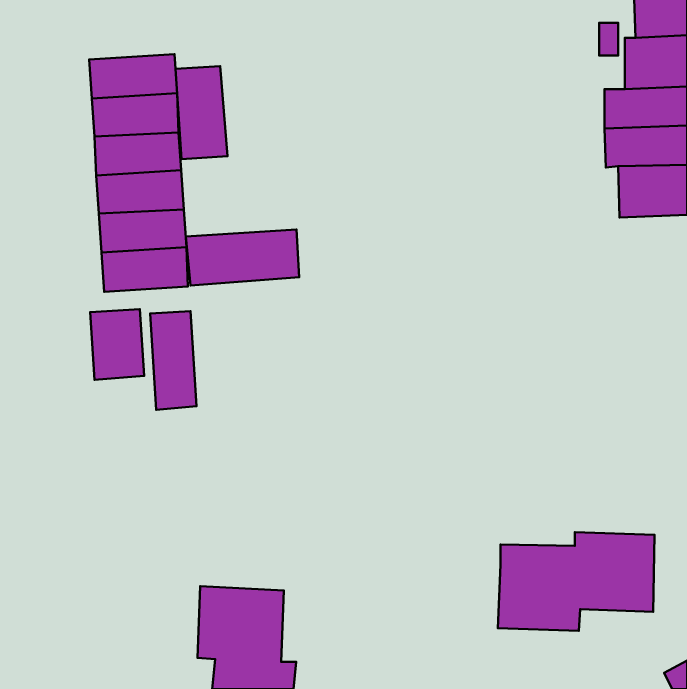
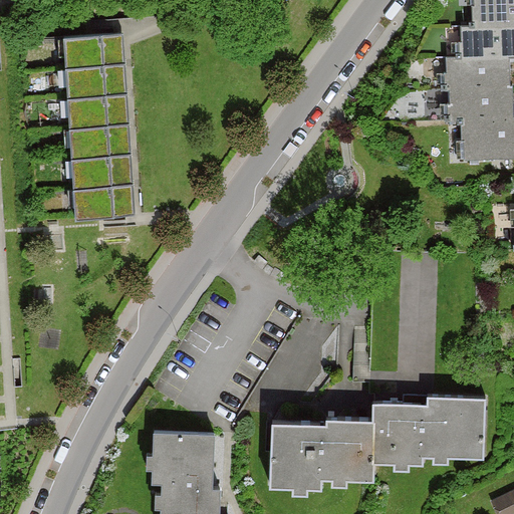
building: [176,66,227,159] -> none
building: [186,230,299,286] -> none
building: [90,309,144,380] -> none
building: [150,311,197,410] -> none
building: none -> [266,418,371,490]

